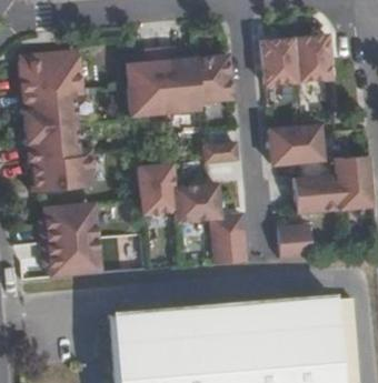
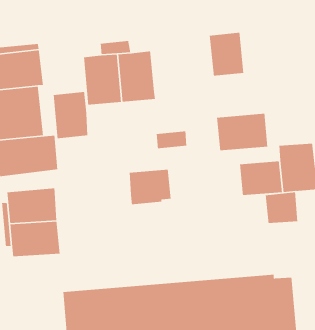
building: [295,34,332,82] -> none
building: [199,56,233,102] -> none
building: [139,164,177,215] -> [53,91,88,139]
building: [211,214,248,265] -> none
building: [278,225,314,260] -> [265,192,298,224]

